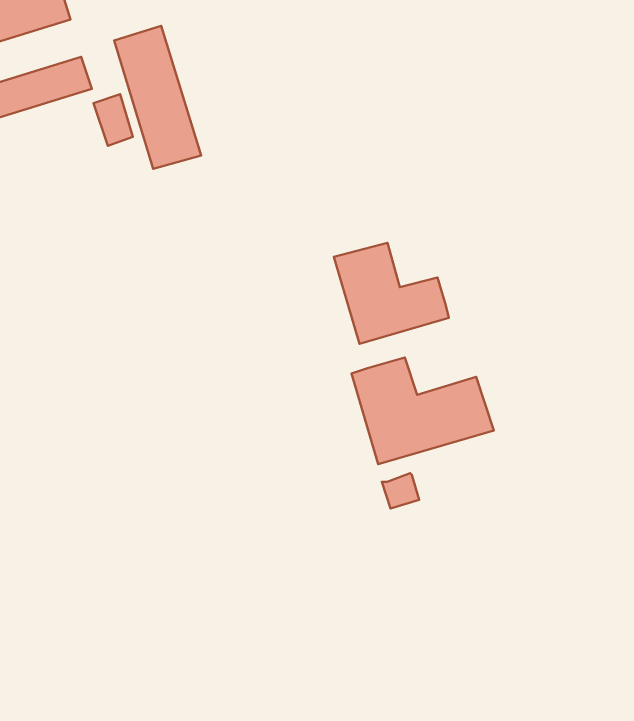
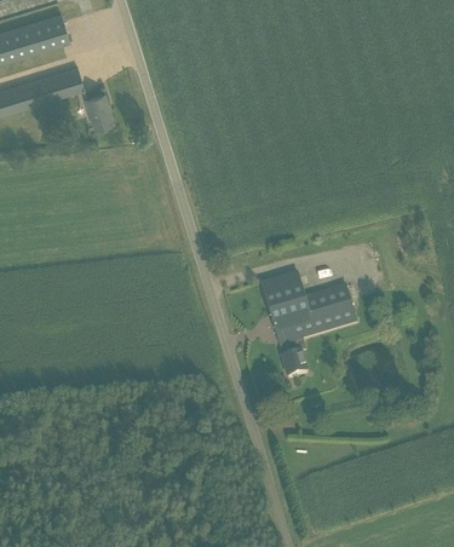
building: [114,26,201,169] -> none
building: [334,243,449,344] -> none

